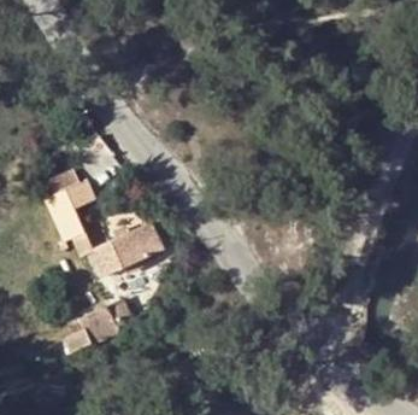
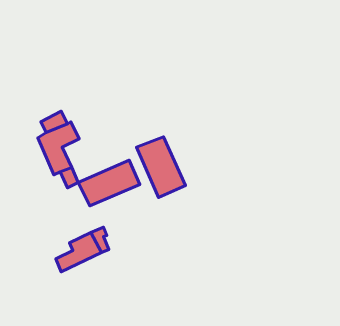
building: none -> [137,137,186,197]

